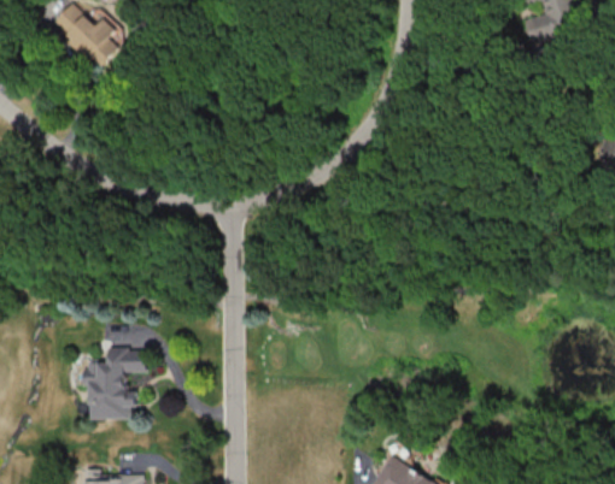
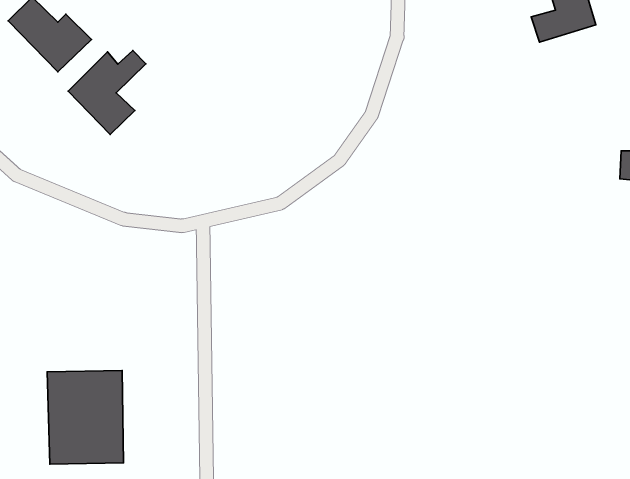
building: none -> [68,51,146,134]

